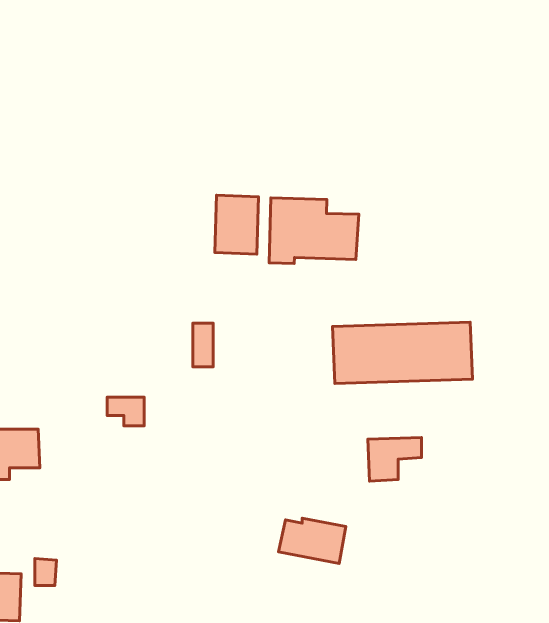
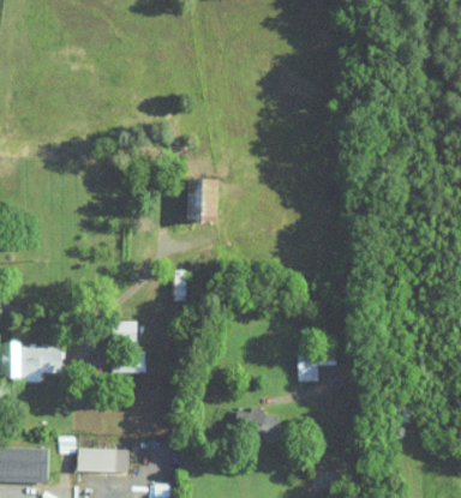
building: [269,198,359,263] -> none
building: [333,322,472,384] -> none
building: none -> [76,449,127,473]

